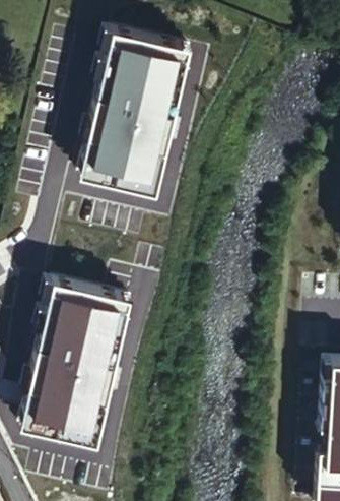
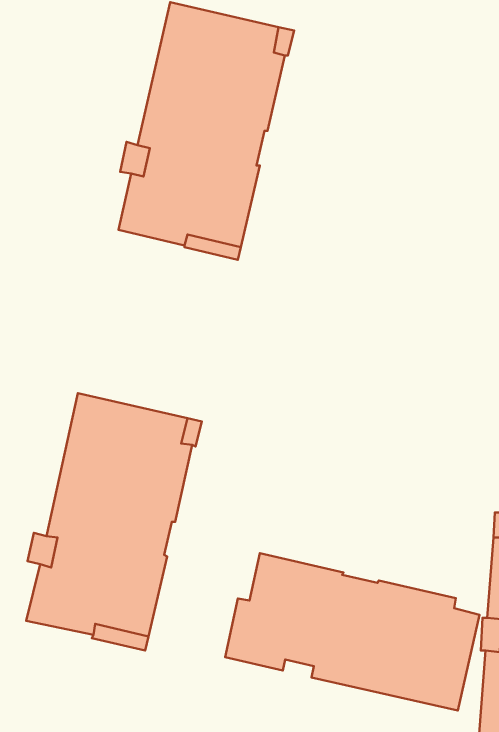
building: none -> [225,553,479,711]

